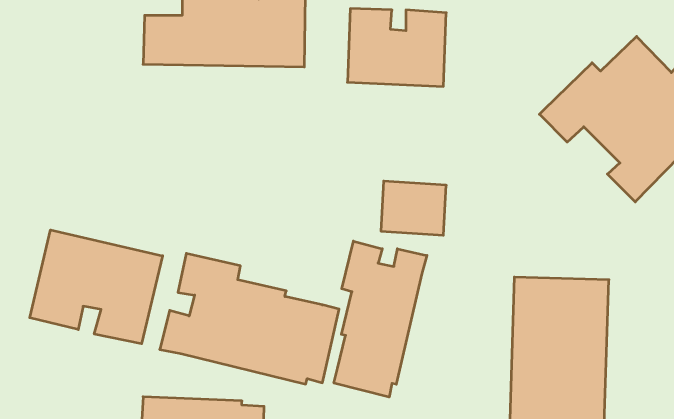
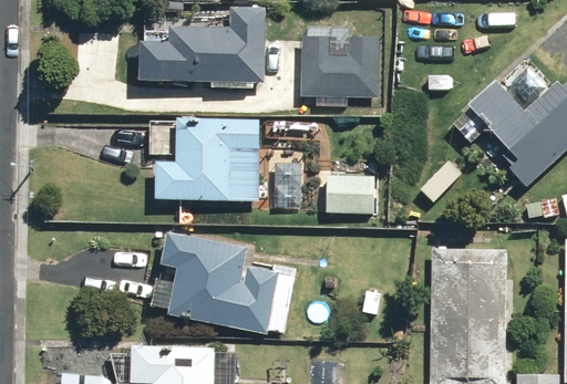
building: none -> [148,117,261,200]
building: [30,230,163,344] -> none
building: [334,241,427,397] -> none

